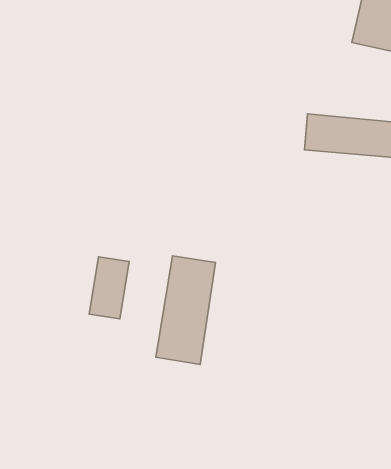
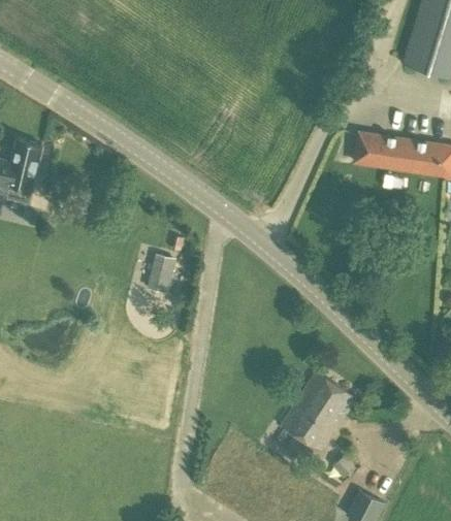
building: [156,256,215,364] -> none
building: none -> [282,372,355,451]

